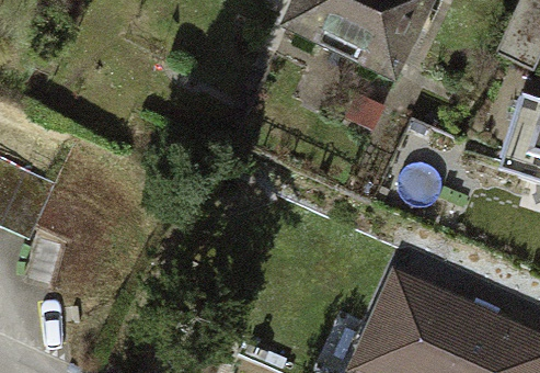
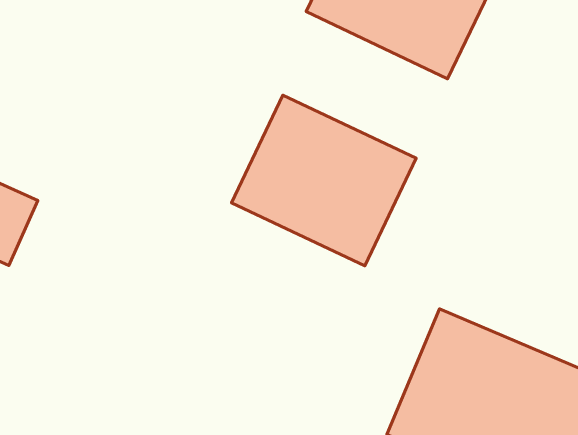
building: none -> [232,95,416,266]

